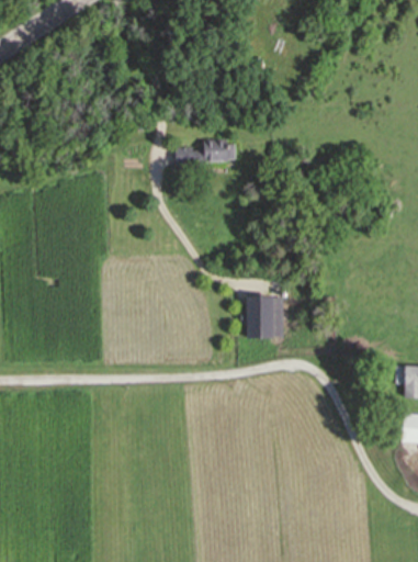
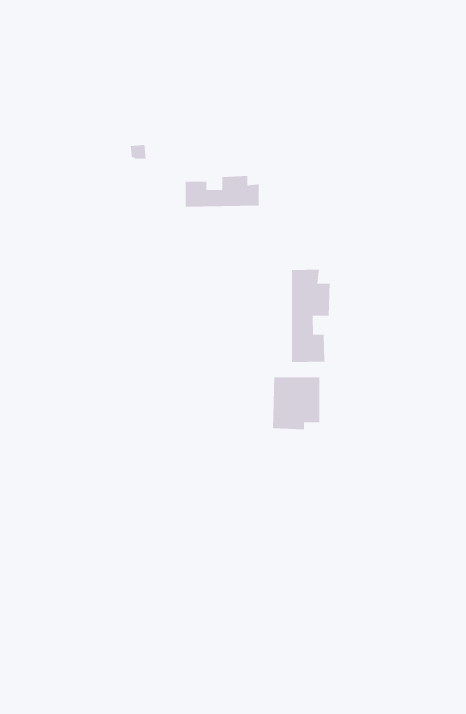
building: none -> [291,269,331,363]

